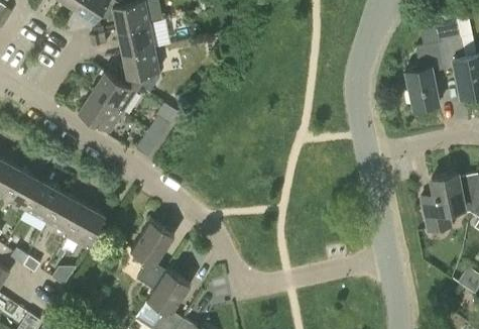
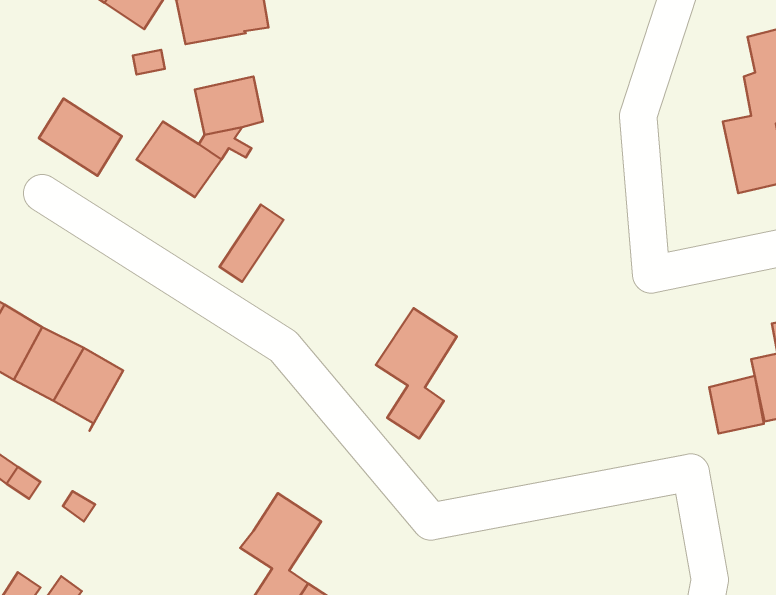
building: [117,24,153,54] -> none
building: [78,92,122,133] -> [39,98,122,176]
building: [66,205,105,249] -> none
building: none -> [709,376,764,433]
building: [130,221,173,291] -> [376,308,457,438]

